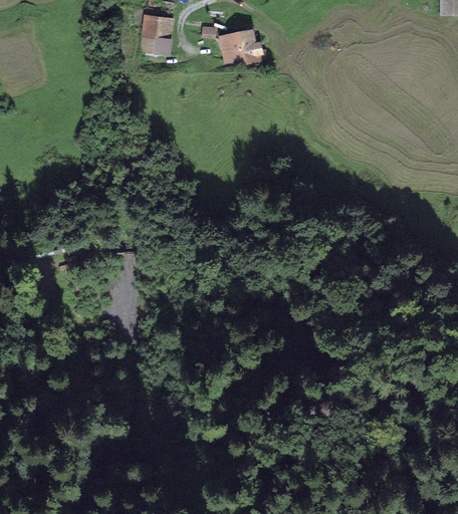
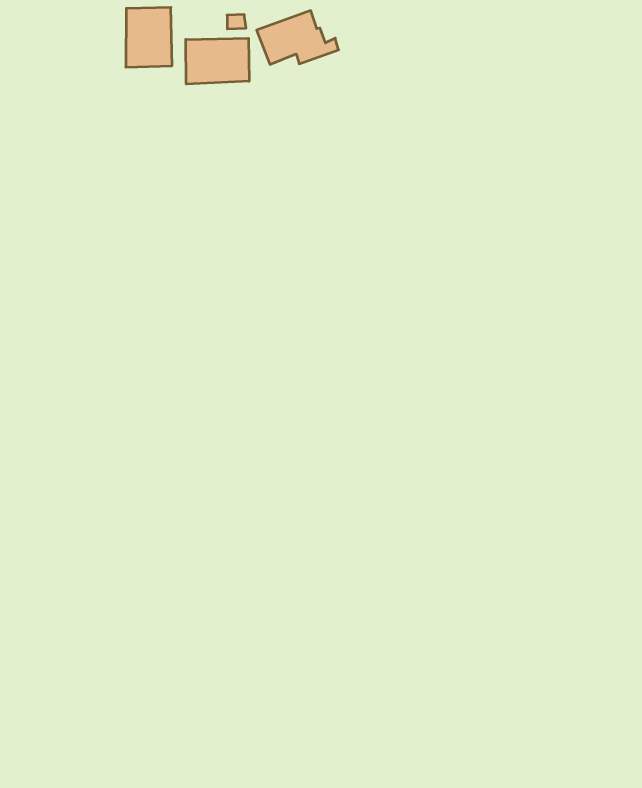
building: none -> [186,38,249,84]

